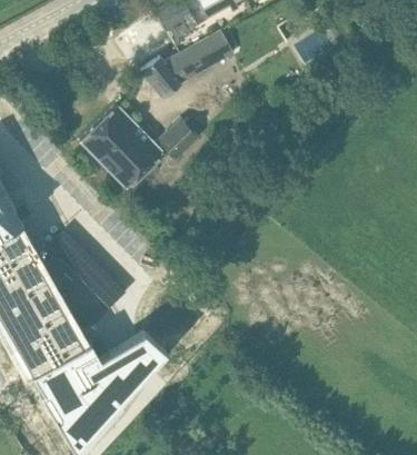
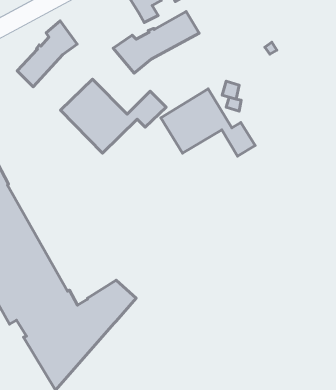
building: none -> [17,21,77,87]
building: none -> [161,89,255,156]

